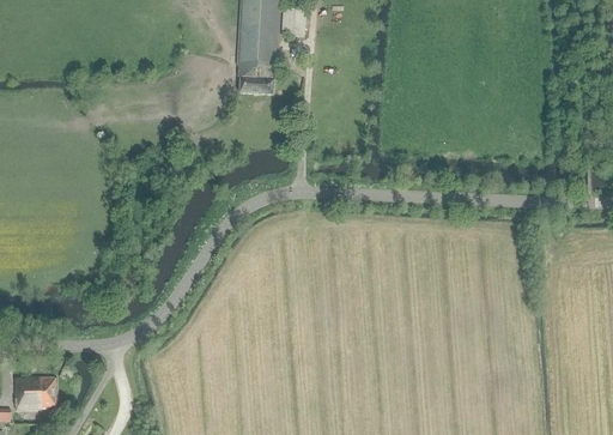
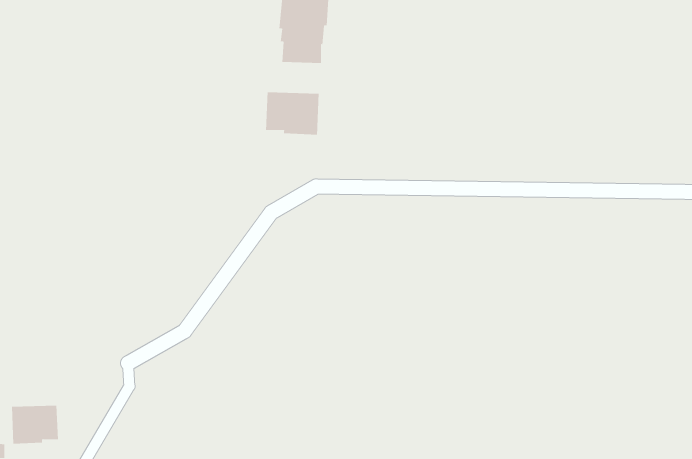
building: none -> [266,92,319,136]

